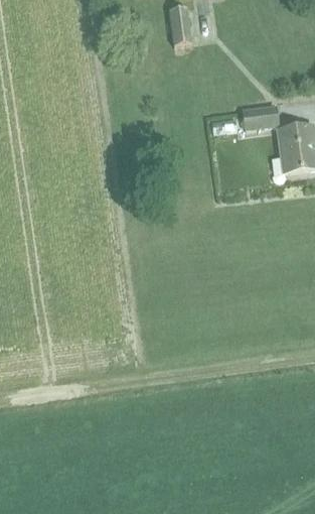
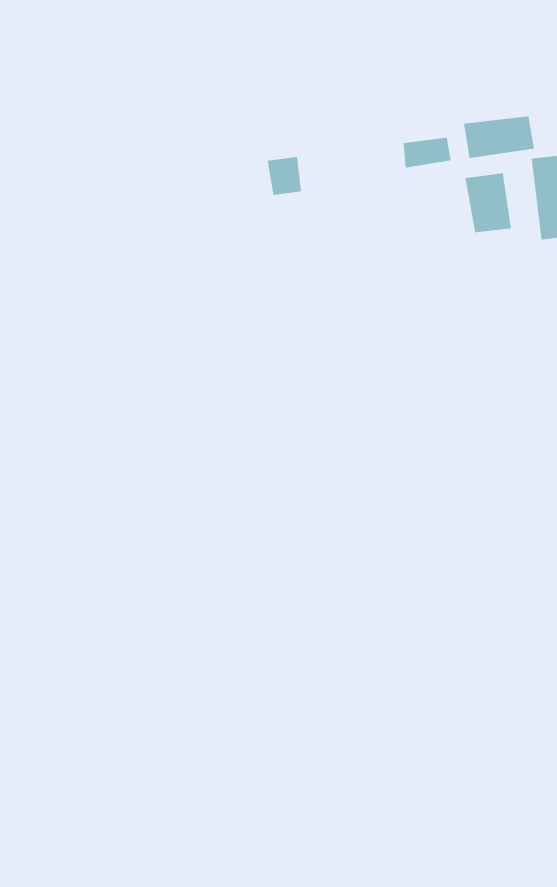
building: none -> [465,172,512,233]

